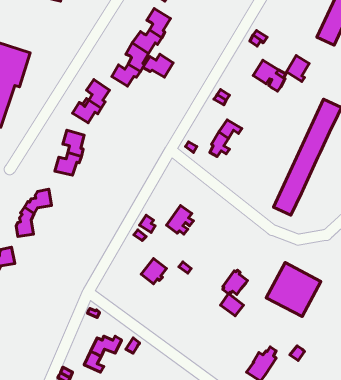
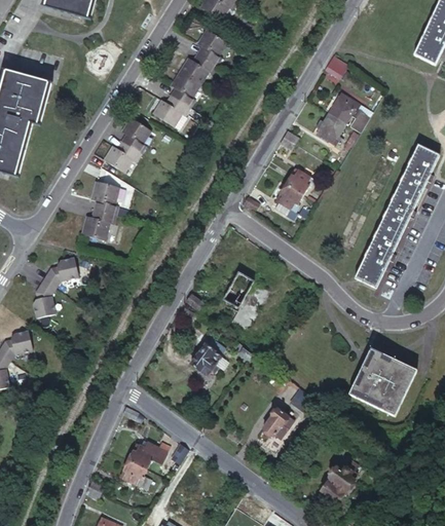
building: [143,54,173,77] -> none
building: [286,55,309,82] -> [319,112,347,145]
building: [223,270,247,295] -> [261,407,292,438]

